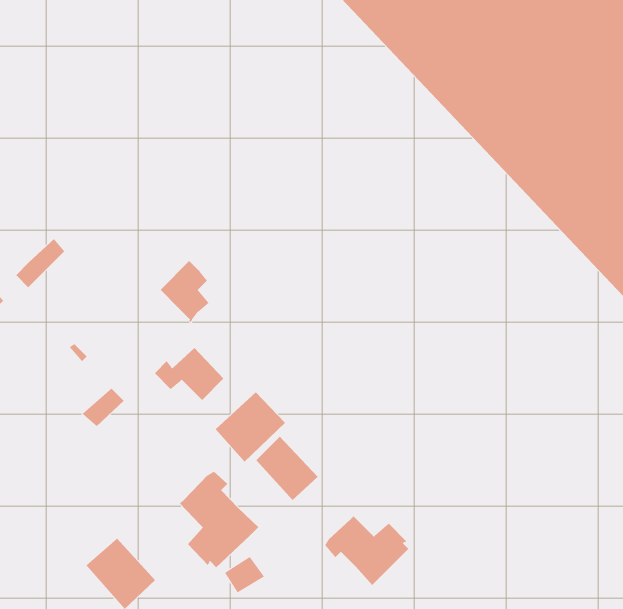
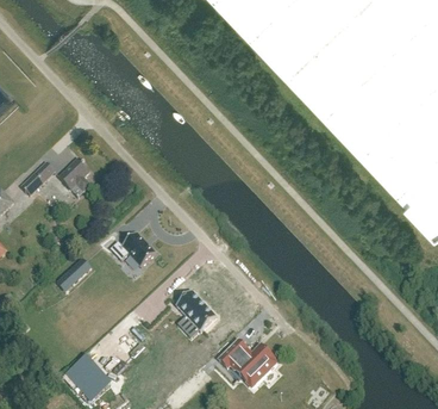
building: [160,260,210,323] -> [57,157,89,198]
building: [215,391,286,462] -> none
building: [179,471,259,568] -> none

